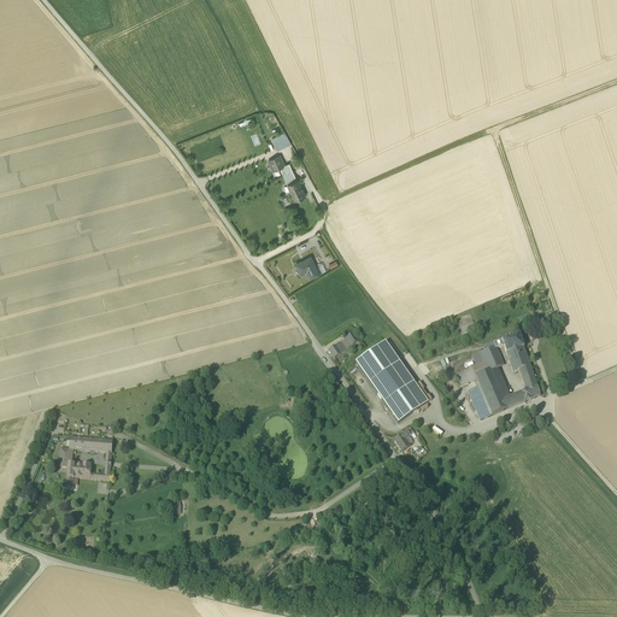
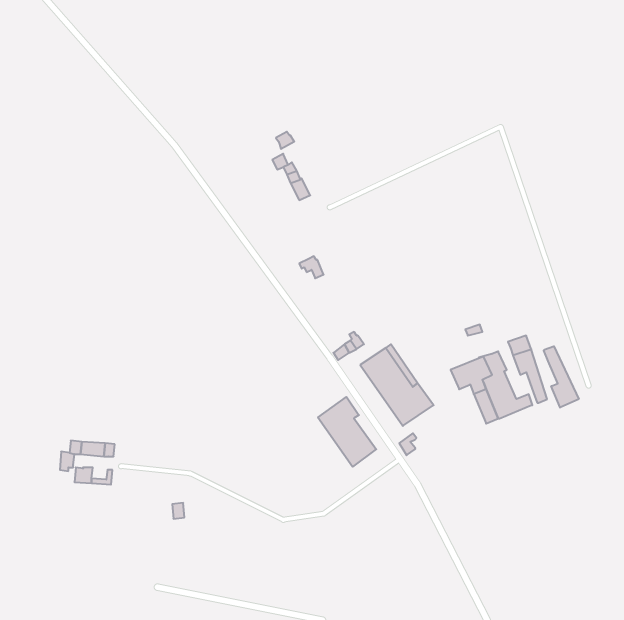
building: none -> [544,346,579,408]
building: none -> [318,397,376,467]

